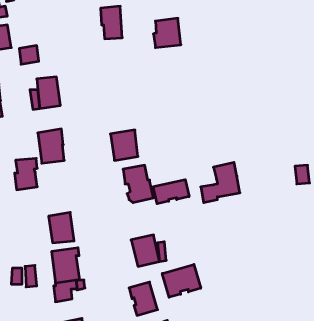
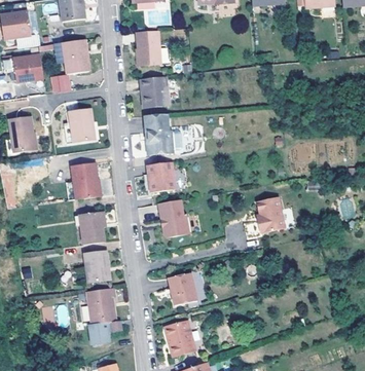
building: none -> [53,37,89,72]
building: [153,18,181,48] -> [140,78,169,109]
building: none -> [147,114,184,154]
building: [15,158,37,190] -> [80,211,104,244]
building: [153,180,189,204] -> none
building: [162,264,201,297] -> none

